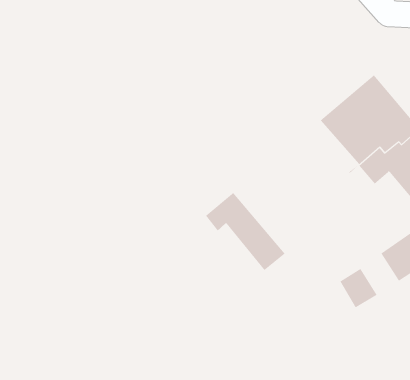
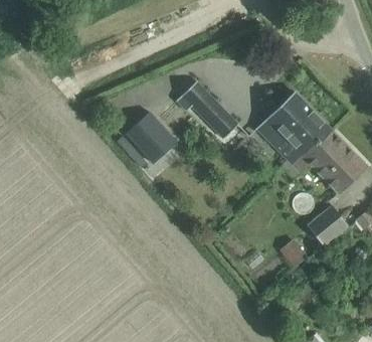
building: none -> [126,112,178,164]
building: [205,192,286,271] -> [177,81,239,139]

